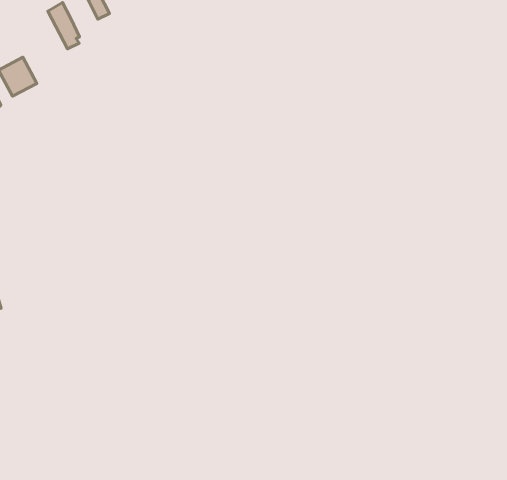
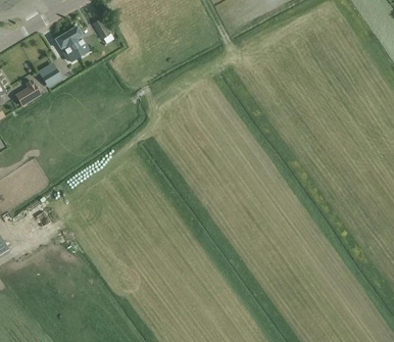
building: none -> [54,32,81,61]

